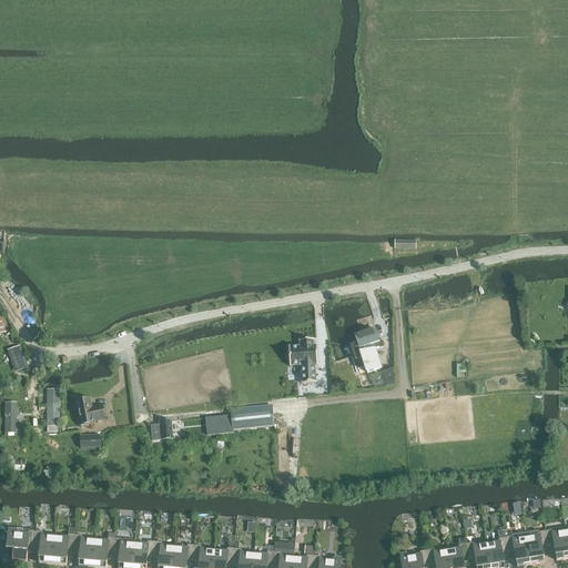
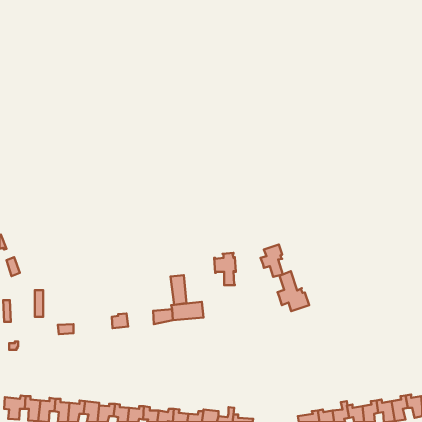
building: none -> [277,271,309,311]
building: none -> [171,275,187,305]
building: [74,397,103,424] -> none

